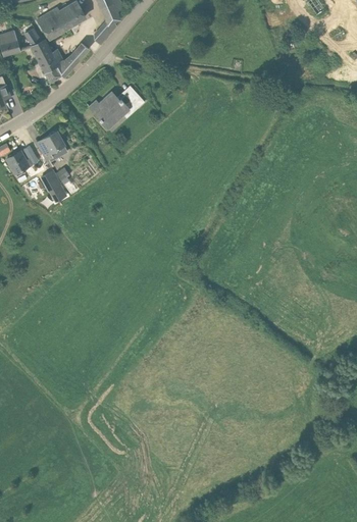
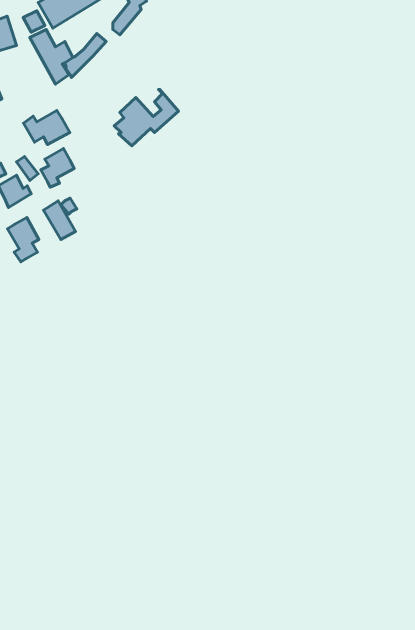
building: none -> [23,110,70,145]
building: none -> [8,217,39,262]

